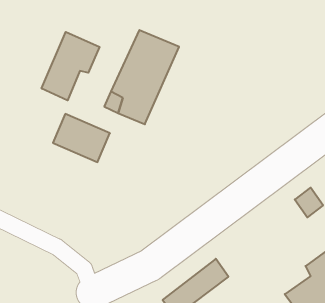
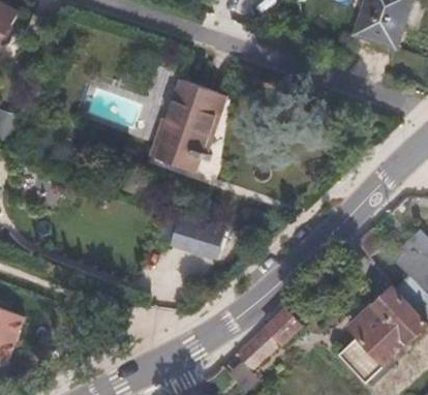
building: [42,32,100,100] -> none
building: [53,114,110,162] -> [165,216,221,261]

